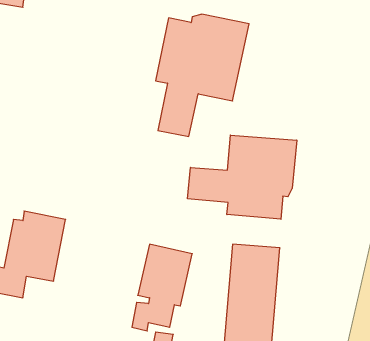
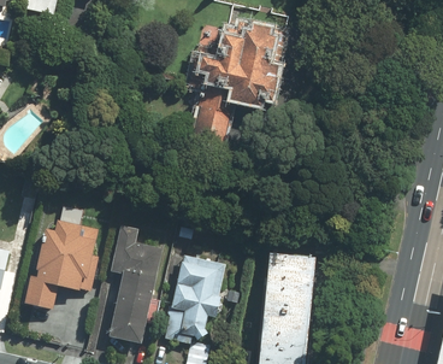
building: [188,135,297,219] -> none
building: none -> [111,224,164,345]

